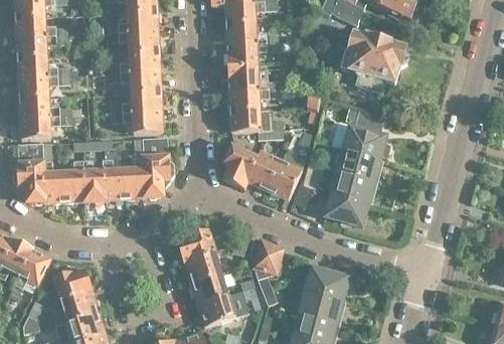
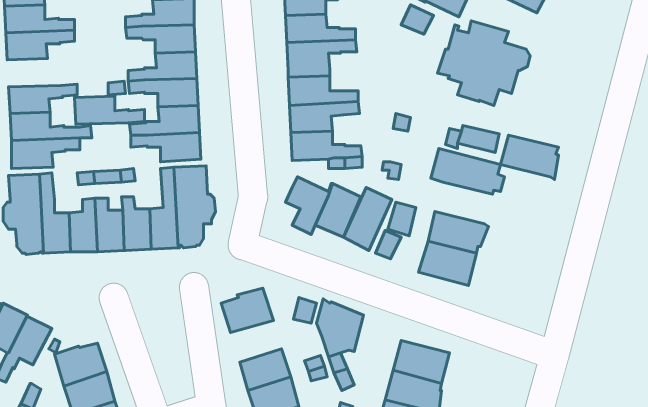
building: [17,56,69,77] -> [75,96,144,124]
building: [337,149,380,182] -> [501,135,558,179]
building: [184,252,222,284] -> none

